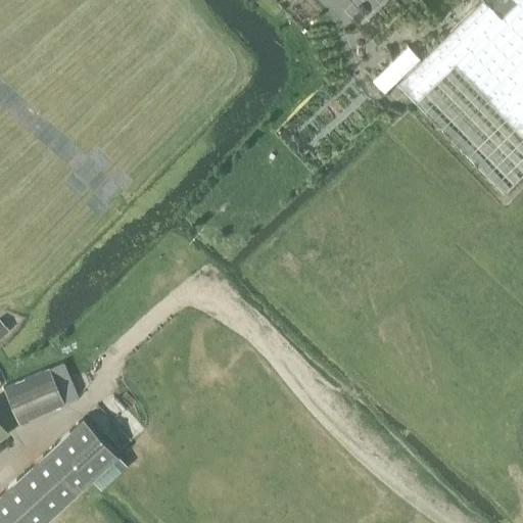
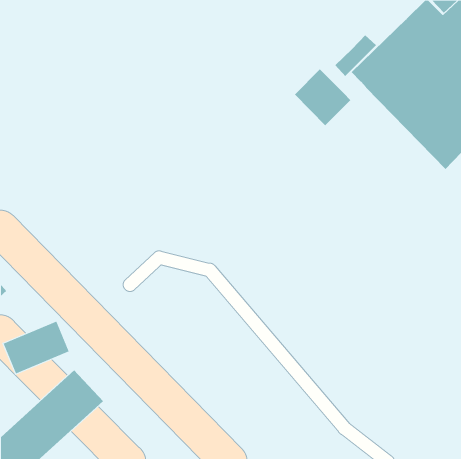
building: none -> [294,69,351,126]

